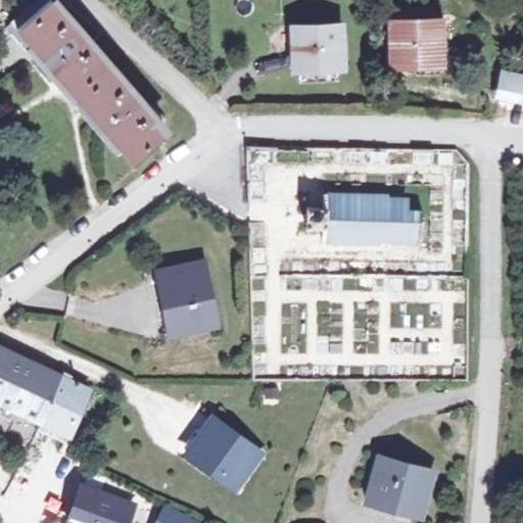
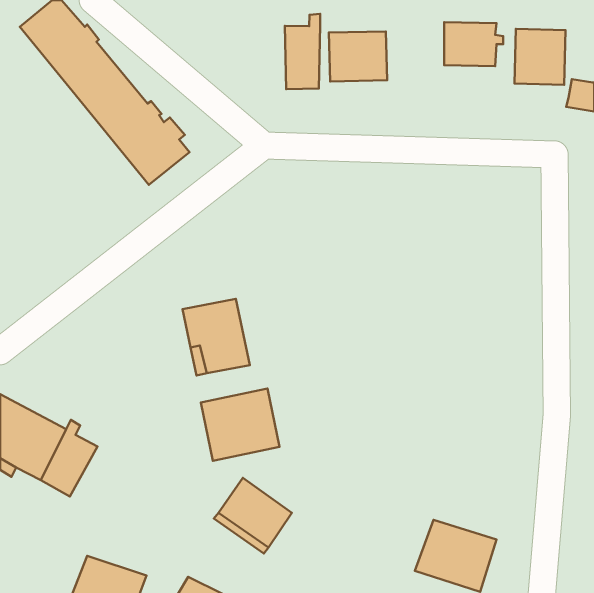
building: none -> [285,14,320,89]
building: none -> [515,29,565,85]
building: [308,194,423,245] -> none
building: none -> [201,388,279,461]

